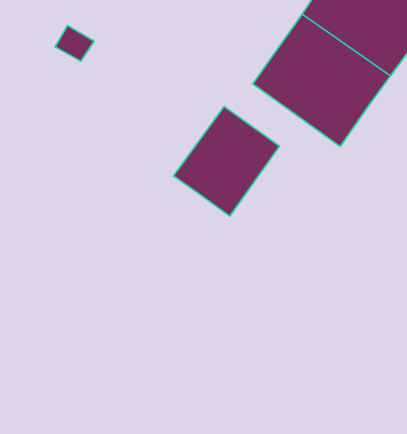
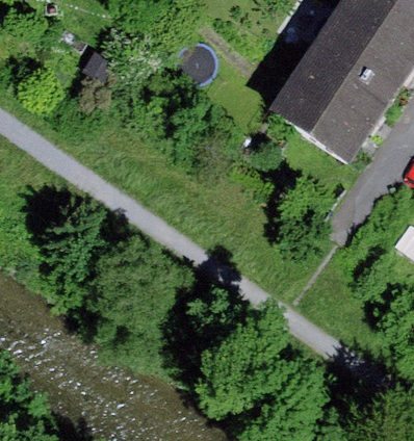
building: [174,107,279,216] -> none

